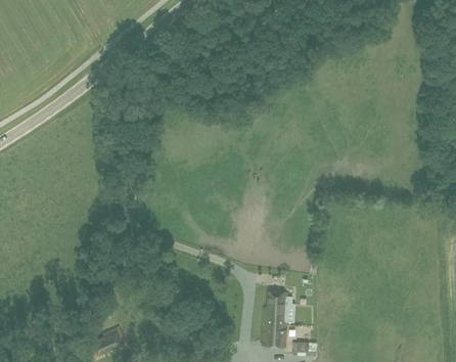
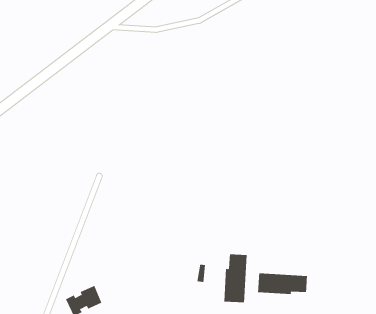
building: none -> [257,273,308,295]

